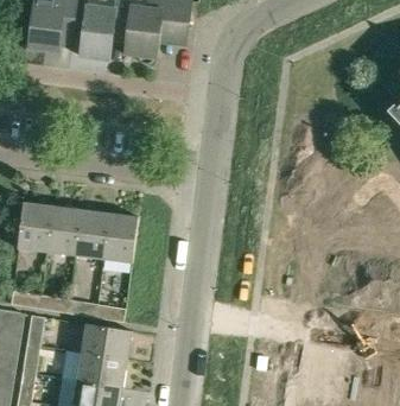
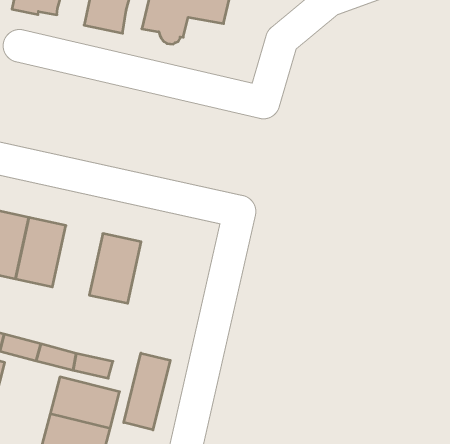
building: [74,209,108,260] -> none
building: none -> [124,353,170,430]

